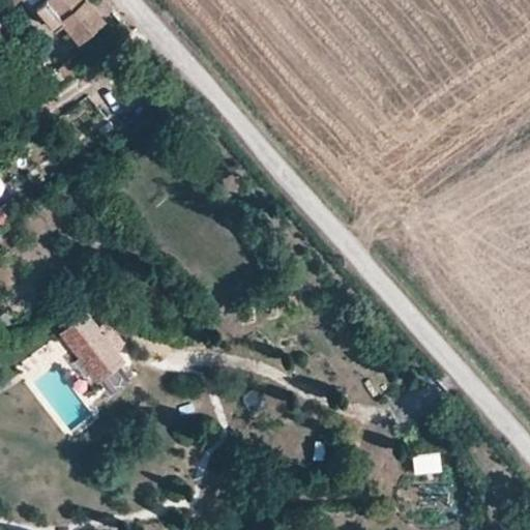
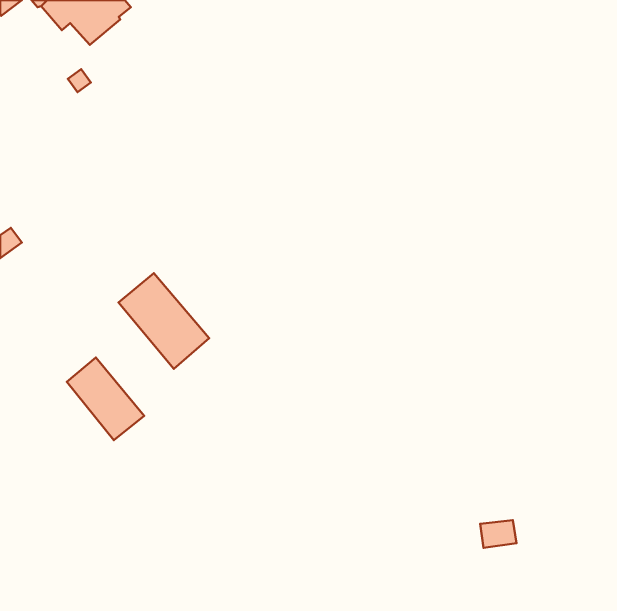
building: none -> [119,273,209,369]

